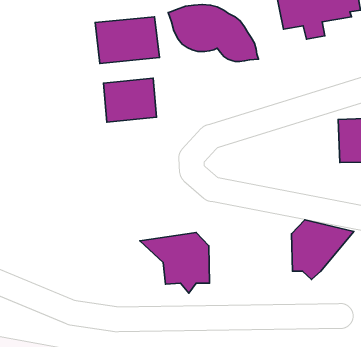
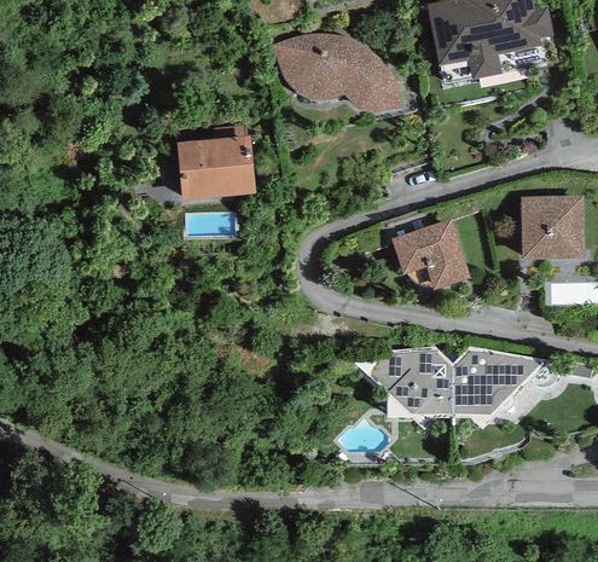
building: [95,17,159,64] -> none
building: none -> [381,207,469,290]
building: [140,233,210,293] -> [352,344,453,433]

